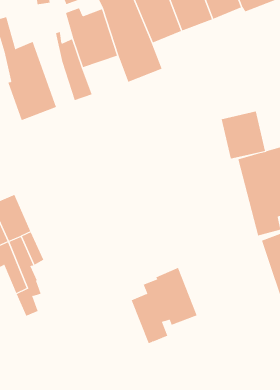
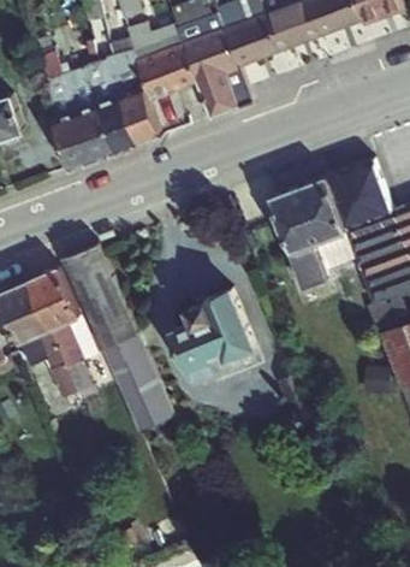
building: none -> [84,57,138,154]
building: none -> [267,173,360,284]
building: none -> [61,246,176,433]
building: [131,267,197,344] -> [171,287,259,388]

